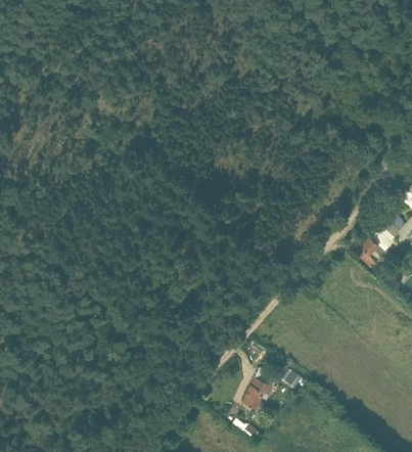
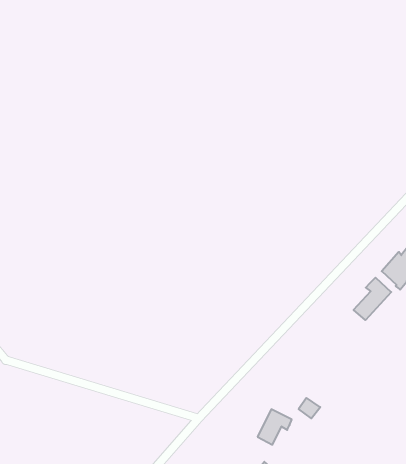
building: none -> [354,278,391,320]

